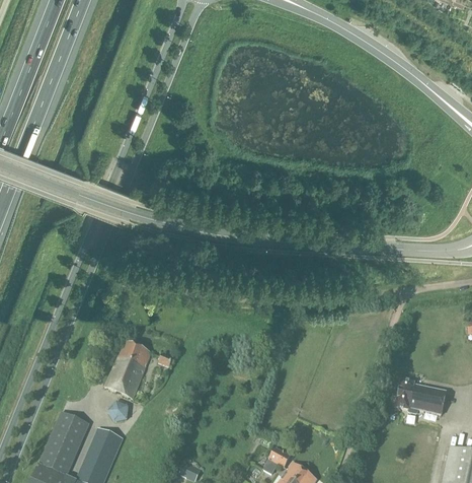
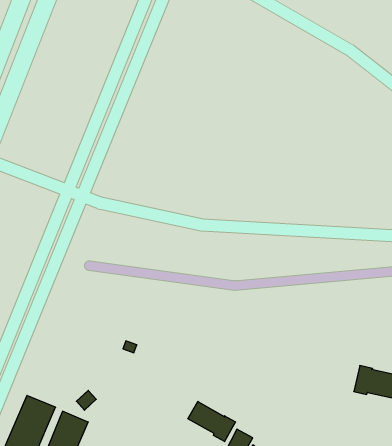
building: [105,341,151,399] -> none
building: none -> [188,401,236,442]

